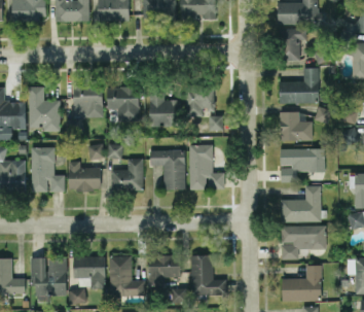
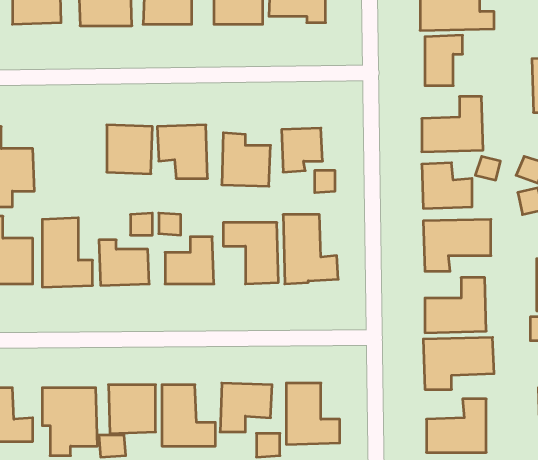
building: [28,86,60,131] -> none

